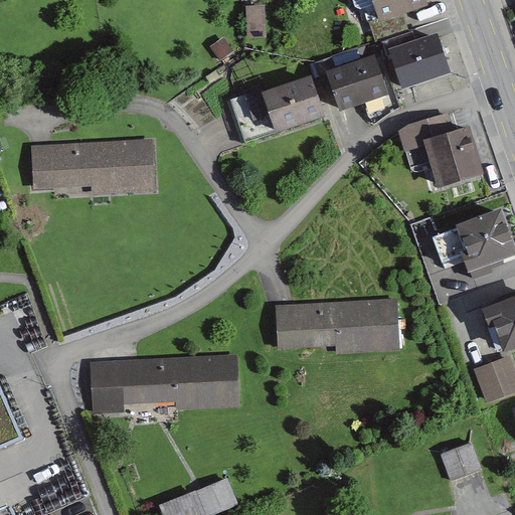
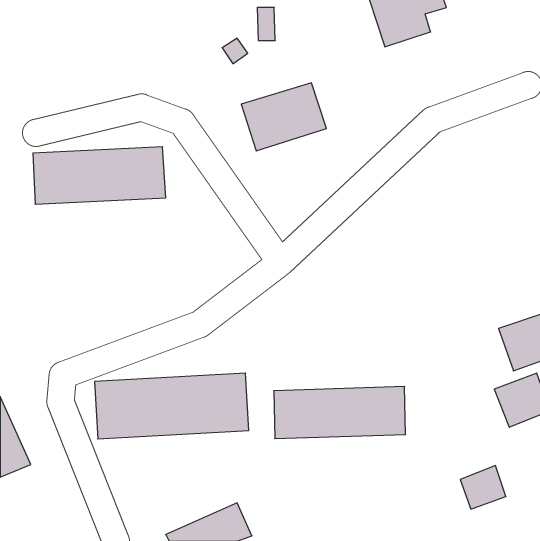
building: [375,32,451,90] -> none
building: [314,59,375,113] -> none
building: [392,115,486,195] -> none
building: [440,213,507,277] -> none
building: [273,300,397,349] -> [274,387,406,439]

